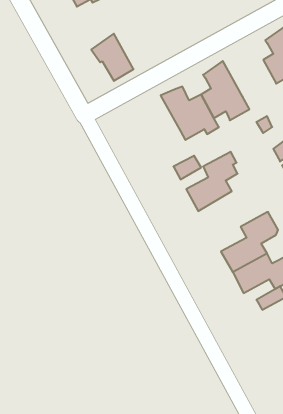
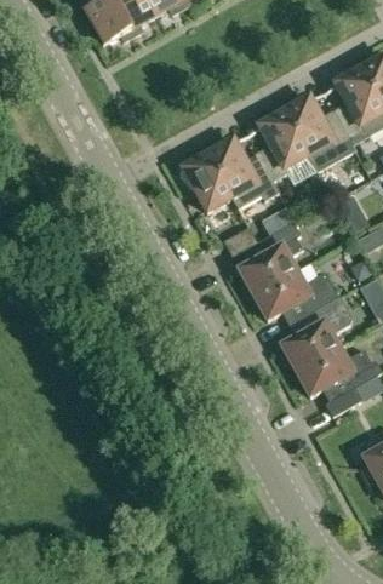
building: [91,34,134,81] -> [179,151,231,210]
building: none -> [284,98,349,153]
building: none -> [253,269,338,317]

